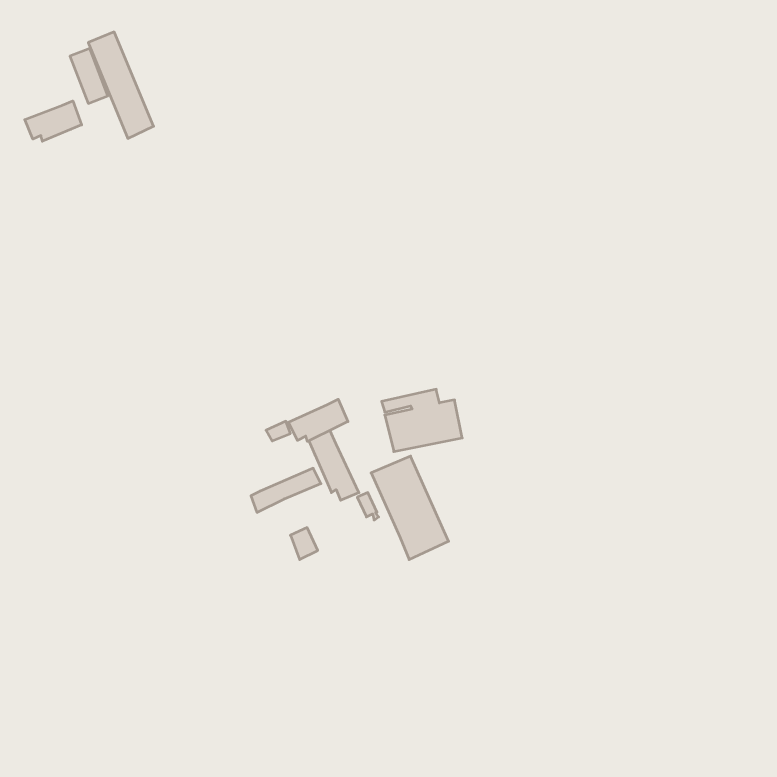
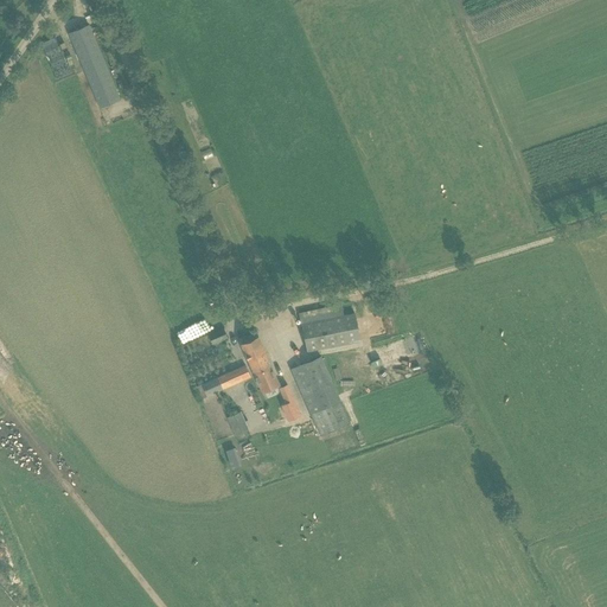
building: [25,101,82,141] -> none
building: [288,399,348,441] -> none

